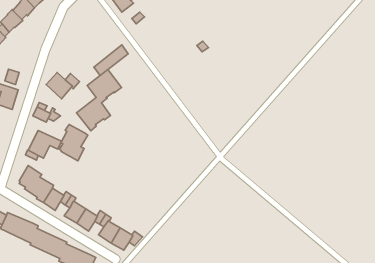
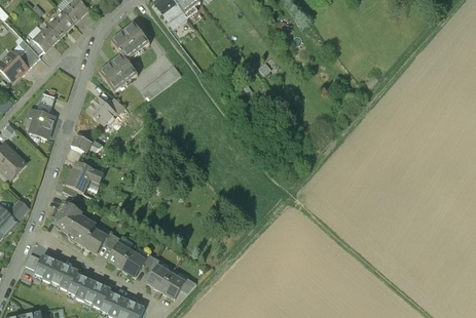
building: [76,69,121,131] -> [99,21,150,90]
building: [59,125,88,161] -> none

